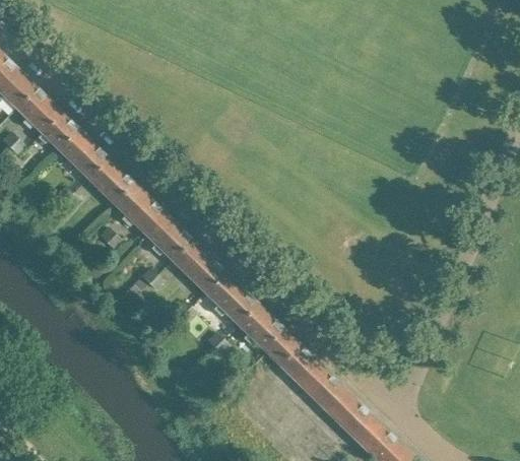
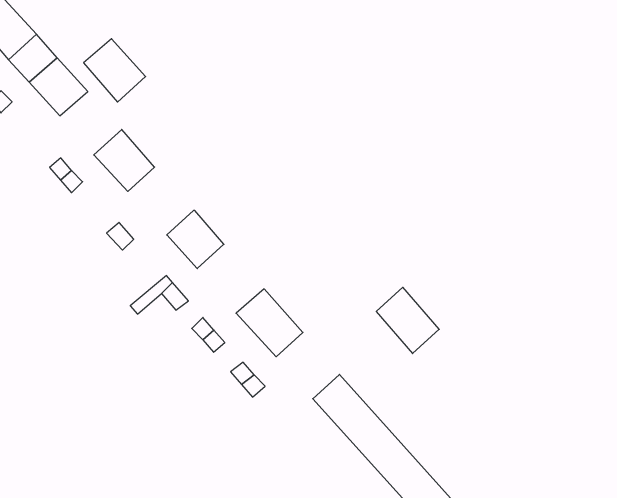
building: [58,129,107,178] -> [84,39,146,102]
building: [115,184,165,234] -> none
building: [173,240,225,292] -> none
building: [239,304,288,354] -> [376,287,439,354]

